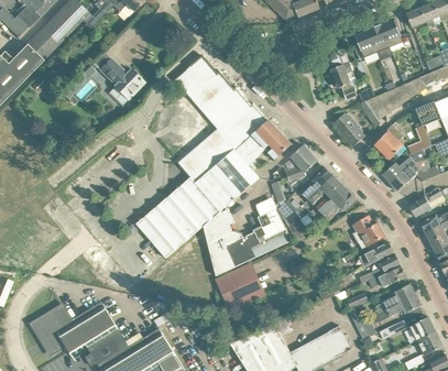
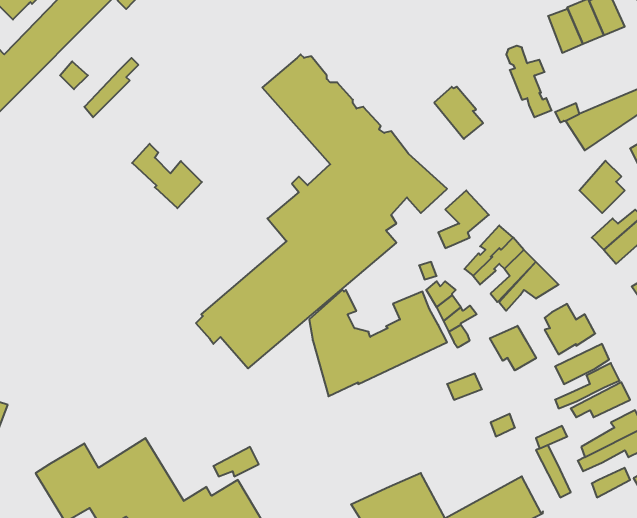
building: [99,57,143,98] -> [132,144,202,208]
building: [334,112,364,145] -> [434,87,483,139]
building: none -> [490,326,536,370]
building: [215,261,266,312] -> none

